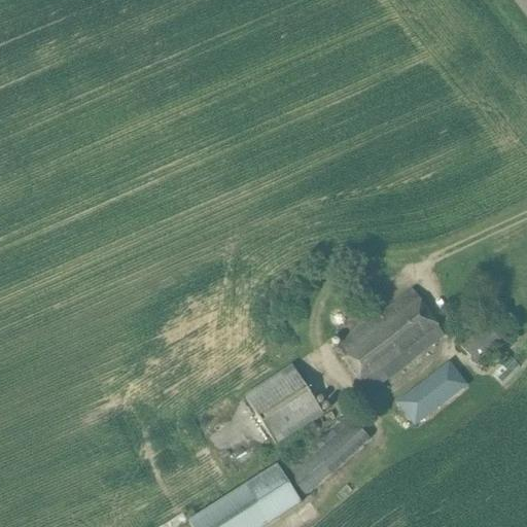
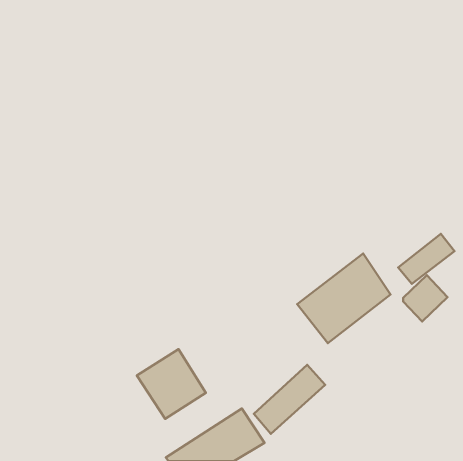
building: [403,358,467,415] -> [398,234,454,284]
building: [245,364,323,444] -> [137,349,206,419]

